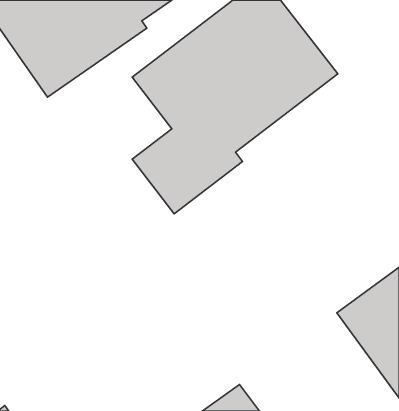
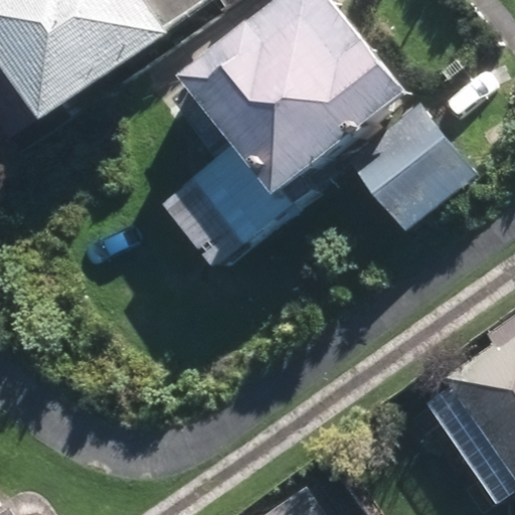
building: none -> [348,101,481,232]

